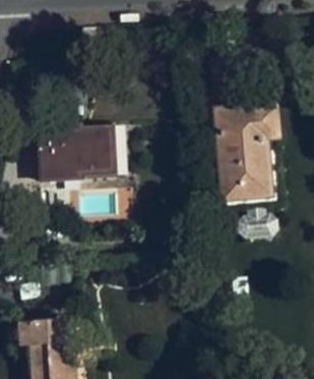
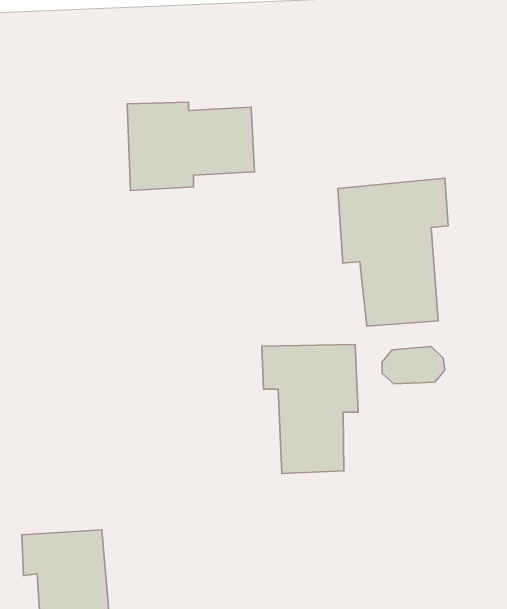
building: [41,128,117,181] -> [127,102,255,190]
building: none -> [262,345,358,473]

